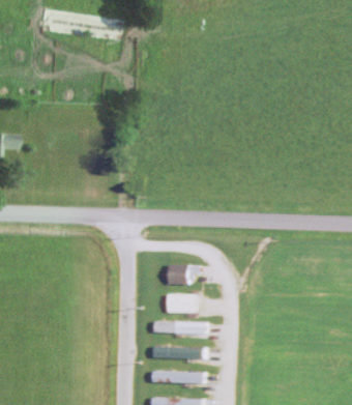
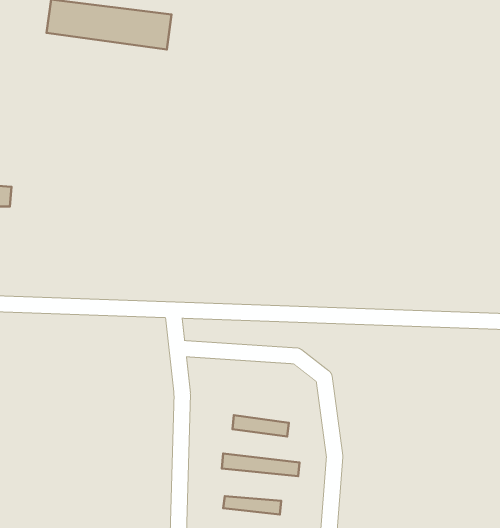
building: [167,265,188,284] -> none

